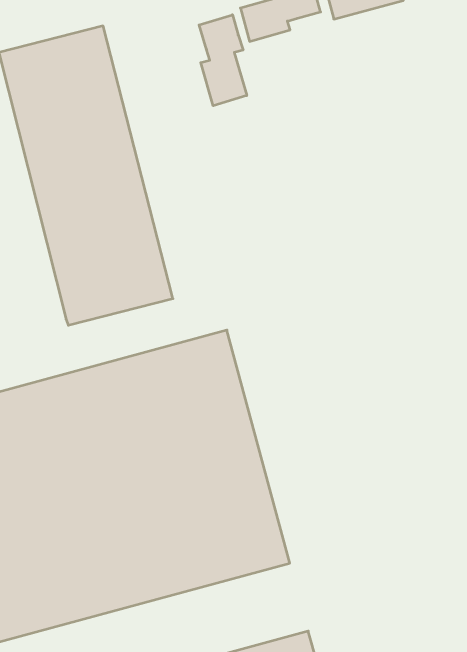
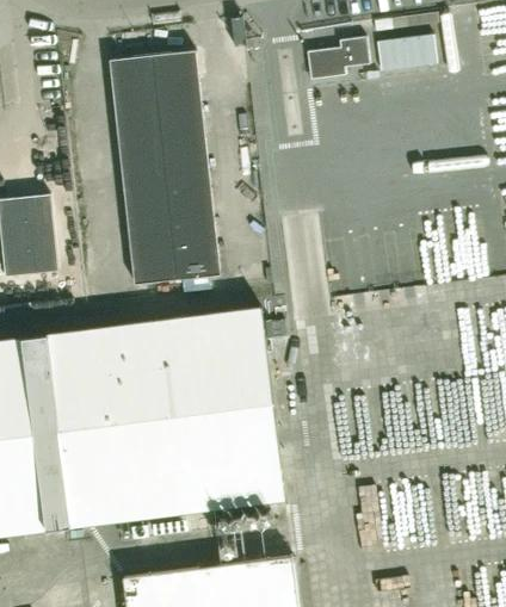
building: [199,15,247,106] -> none

